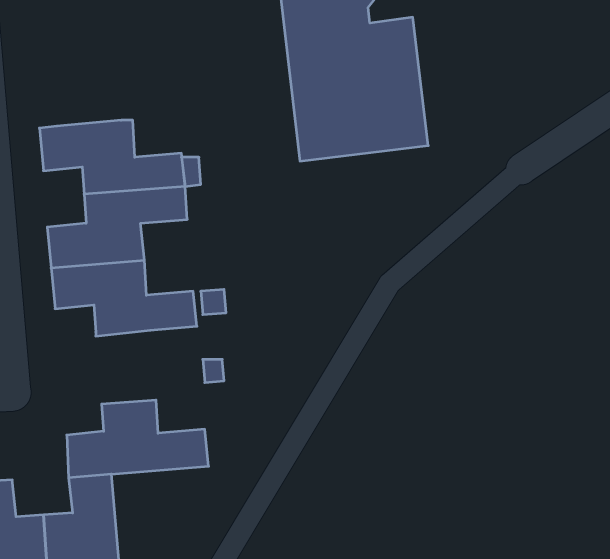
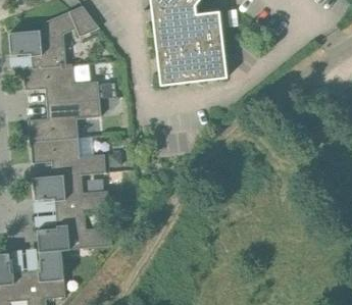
building: none -> [9,6,100,67]
building: none -> [33,174,109,213]

